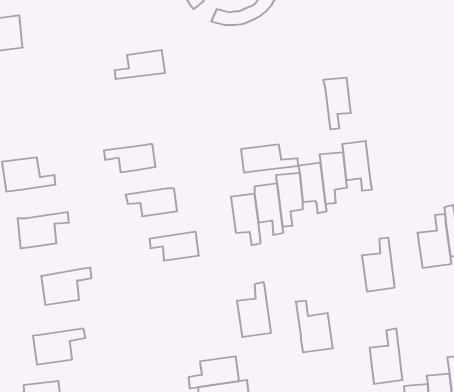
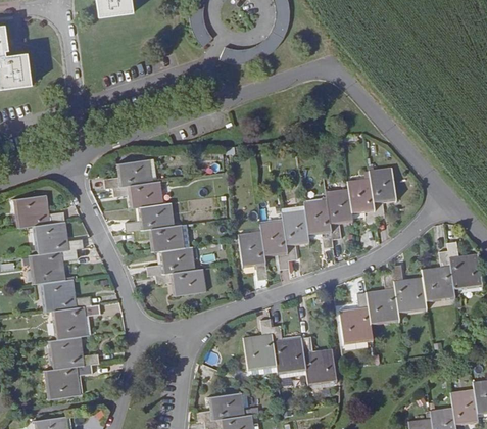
building: [115,50,165,79] -> [103,159,153,188]
building: [323,78,351,129] -> [370,168,397,219]
building: [241,144,298,173] -> none
building: none -> [125,202,175,232]
building: none -> [31,221,84,254]
building: none -> [146,246,196,276]
building: none -> [393,265,429,316]
building: none -> [38,278,91,313]
building: none -> [272,323,307,375]
building: none -> [47,336,100,370]
building: [370,328,403,384] -> [341,291,374,346]

